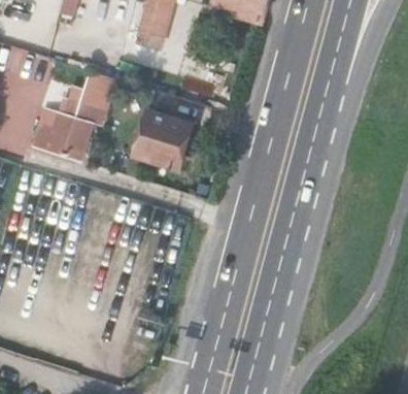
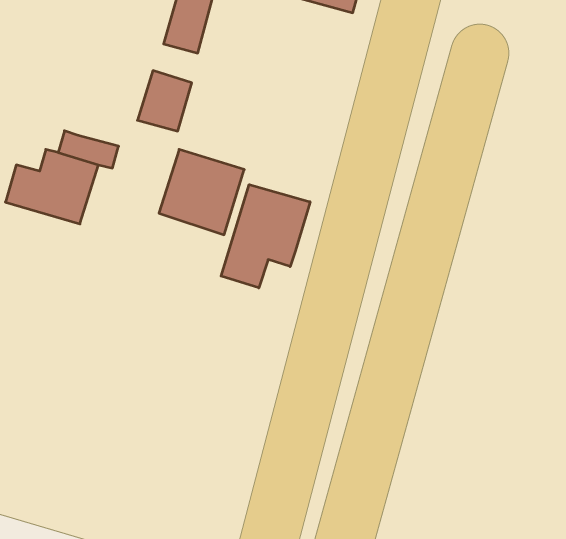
building: [78,70,114,110] -> [137,71,192,131]
building: none -> [221,185,310,288]

